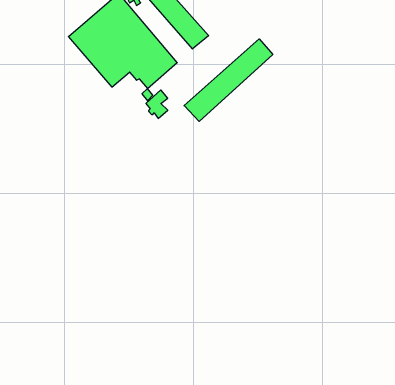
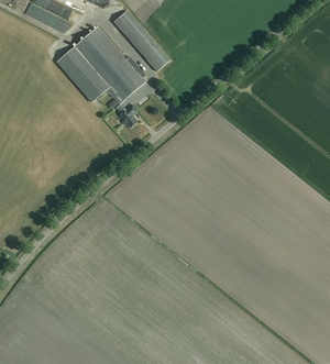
building: [184,39,273,121] -> none

